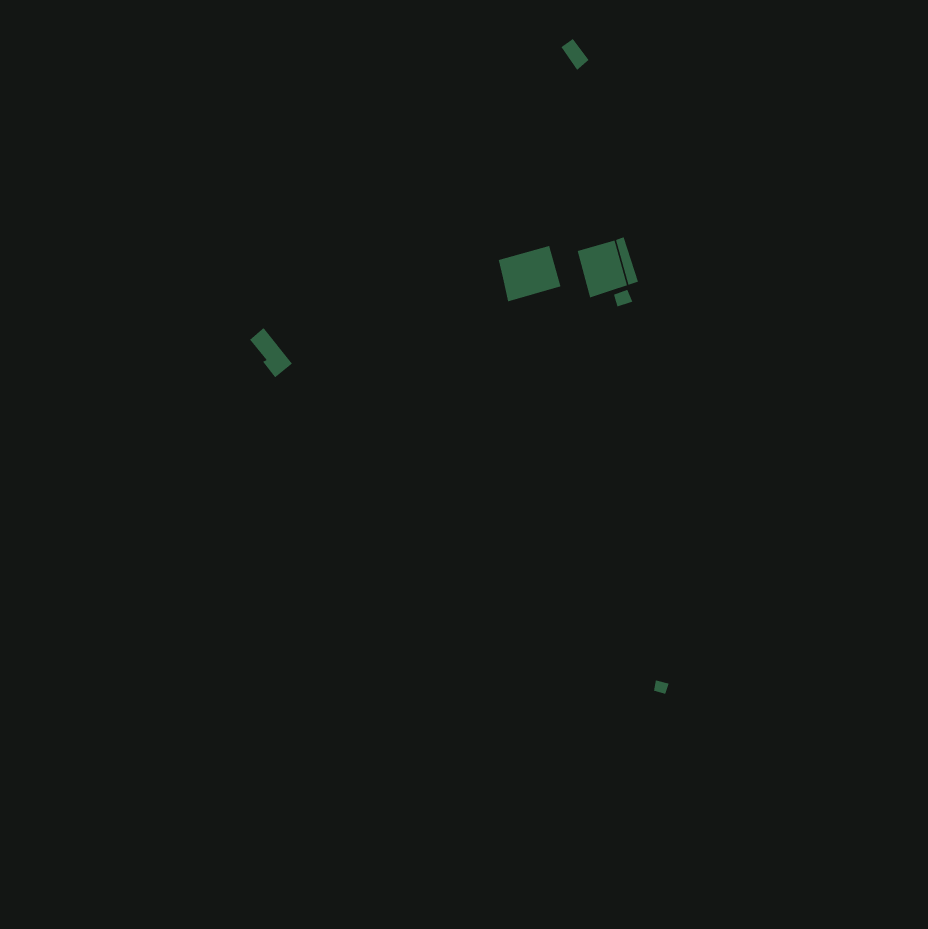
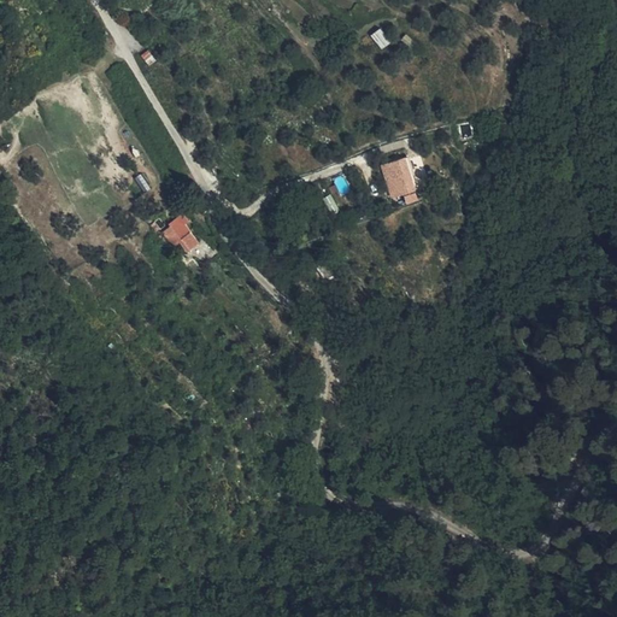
building: [498,245,561,302] -> none

